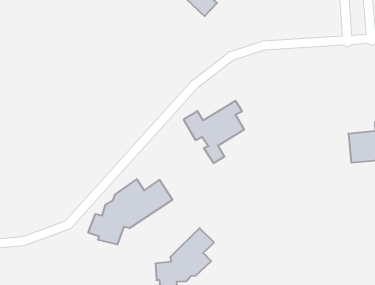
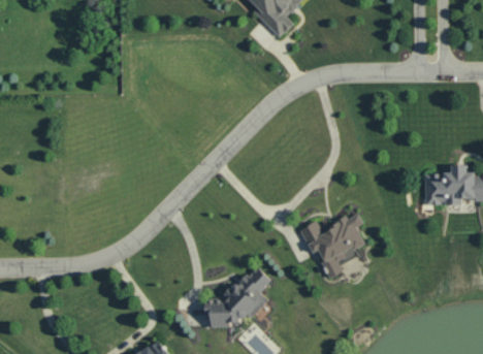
building: [184,101,244,163] -> [301,213,365,278]
building: [88,179,172,245] -> none

